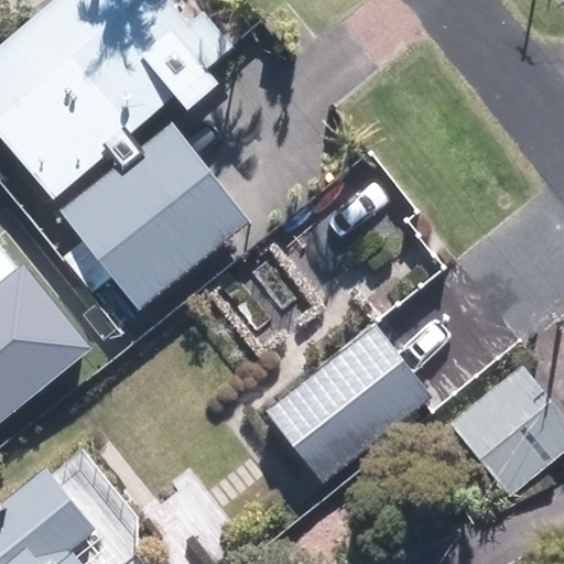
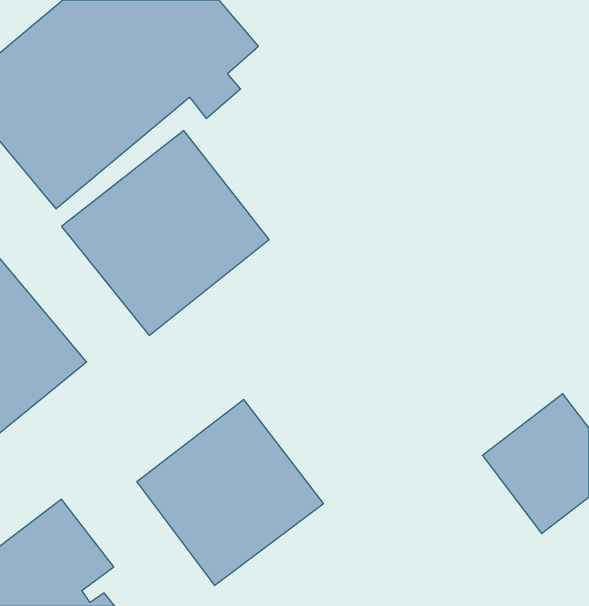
building: [265,327,431,482] -> none
building: none -> [137,400,323,586]

